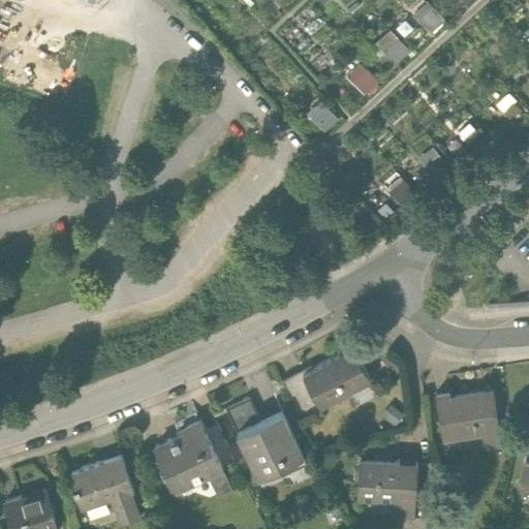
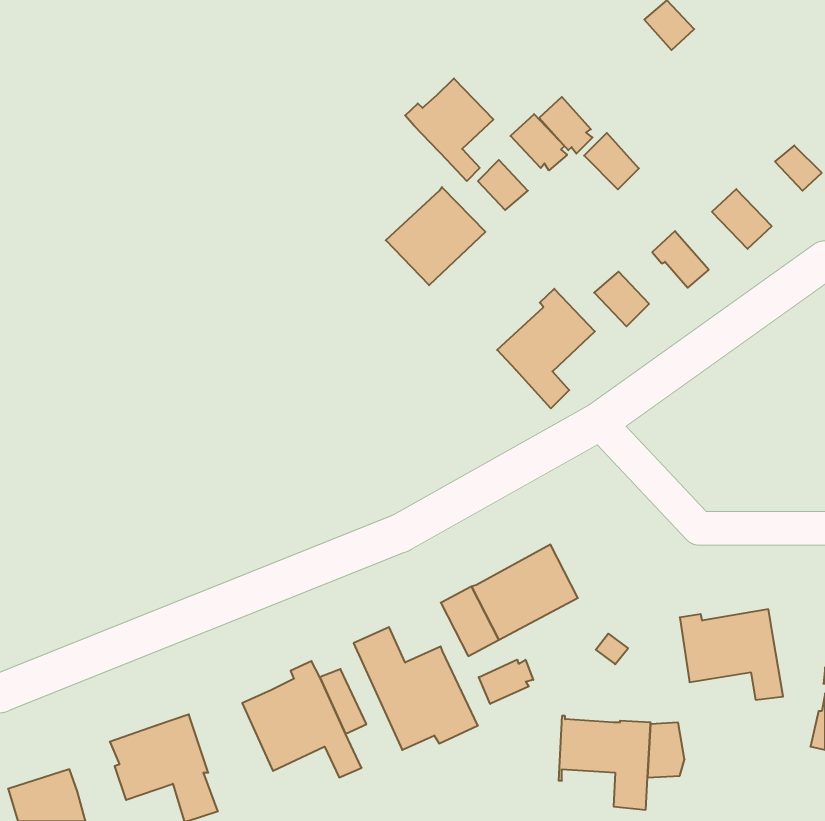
building: [375,29,410,65] -> [584,133,639,189]
building: none -> [405,78,493,181]
building: none -> [510,114,567,170]
building: none -> [386,187,485,285]
building: none -> [497,289,595,408]
building: none -> [479,660,533,704]

